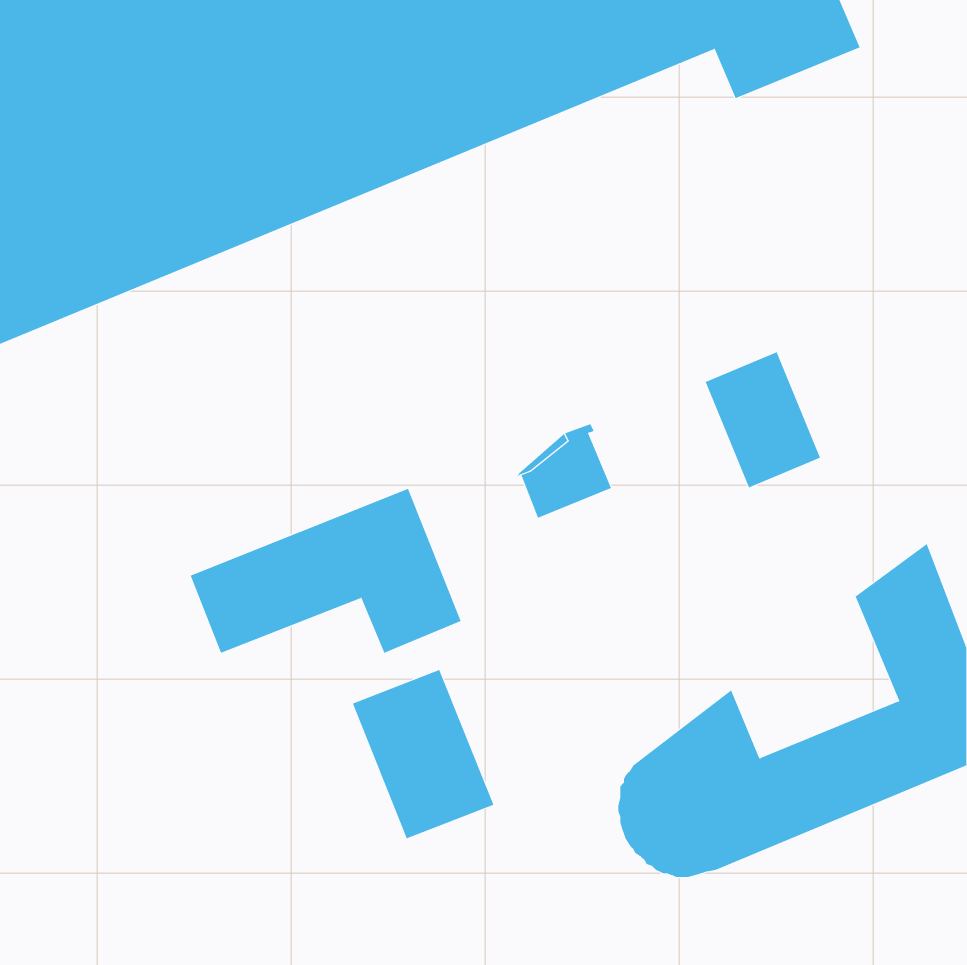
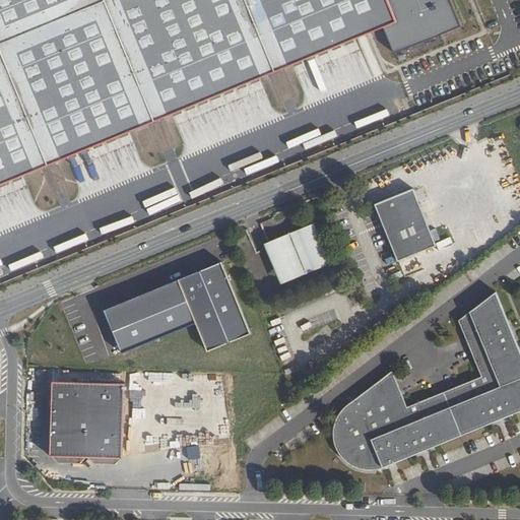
building: [352,669,494,839] -> none
building: none -> [50,378,123,460]

